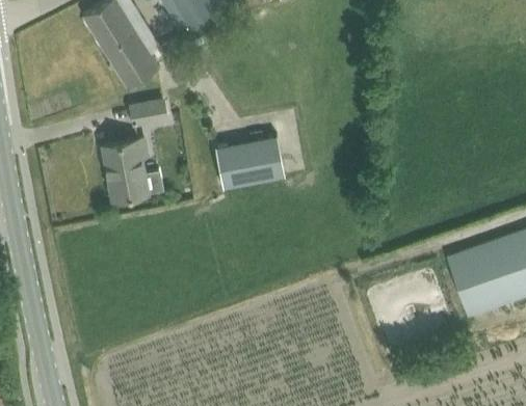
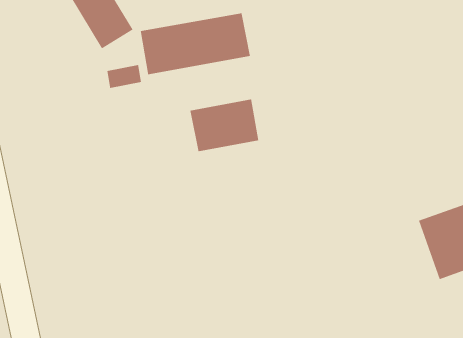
building: none -> [140,13,251,75]
building: [103,139,163,200] -> none

